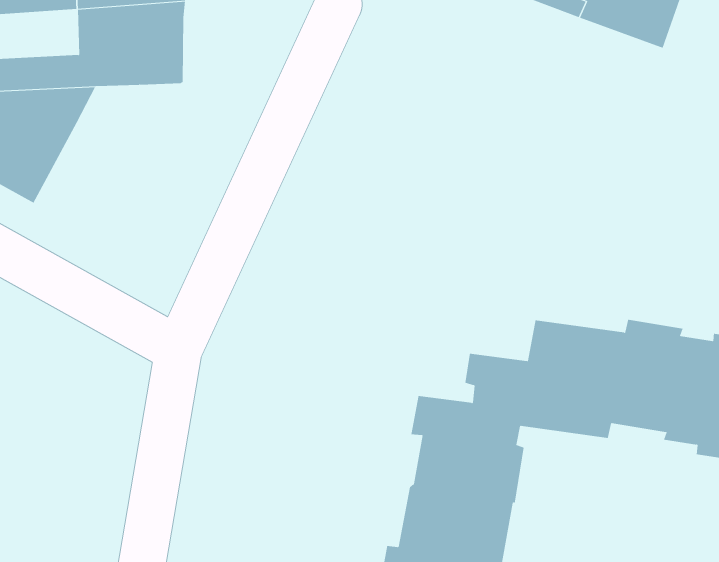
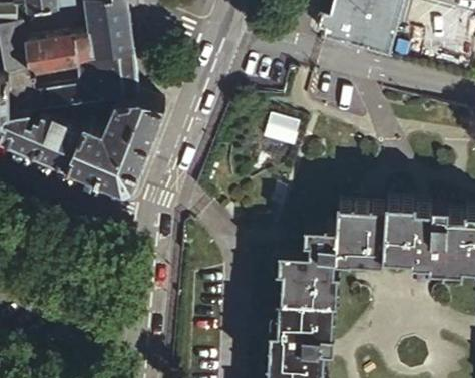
building: none -> [64,100,164,198]

